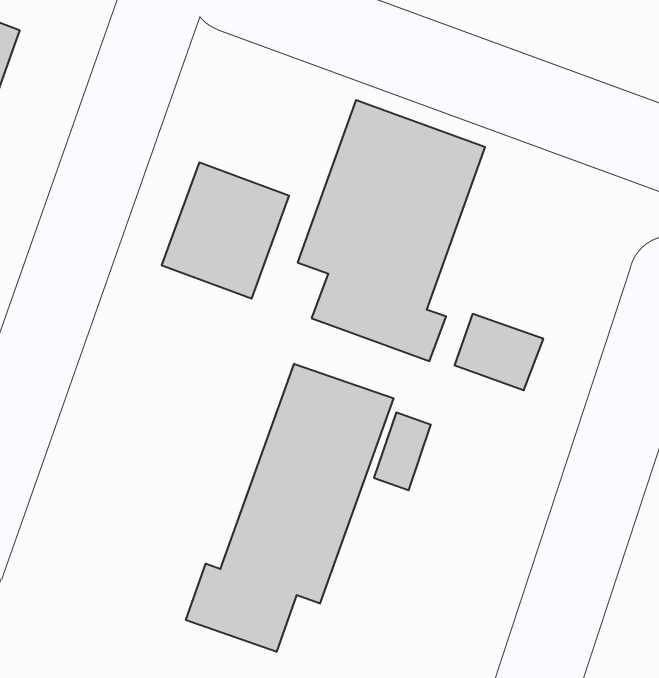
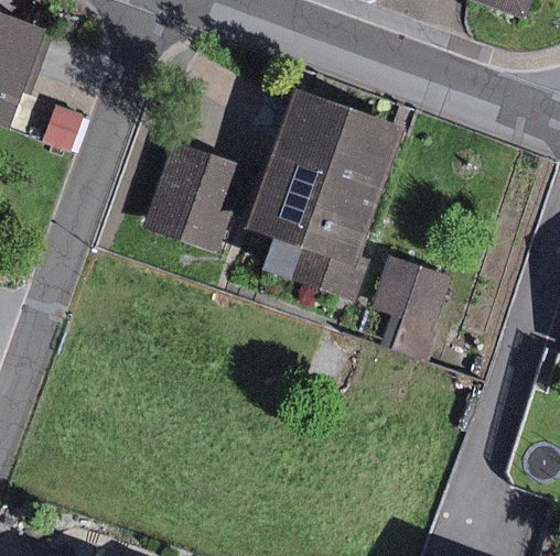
building: [186,364,394,652] -> none

